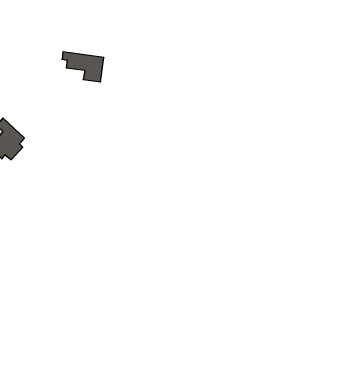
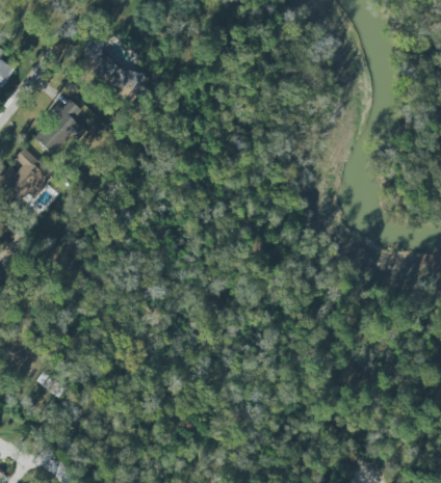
building: none -> [34,98,82,155]

